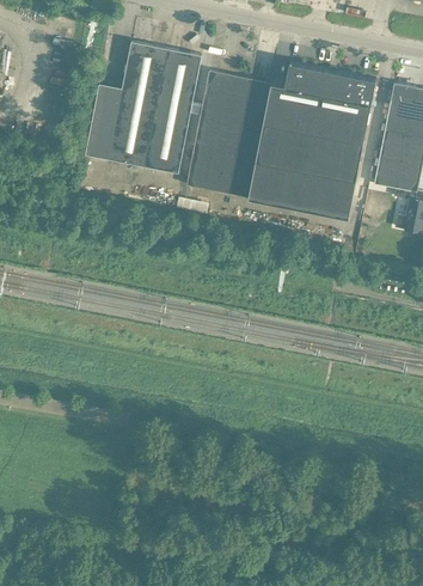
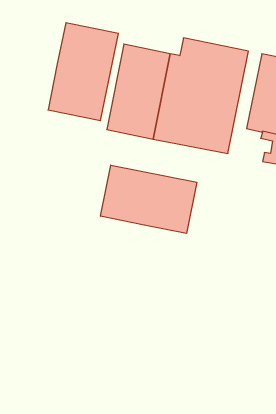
building: [85,94,119,158] -> none
building: none -> [101,165,197,233]

